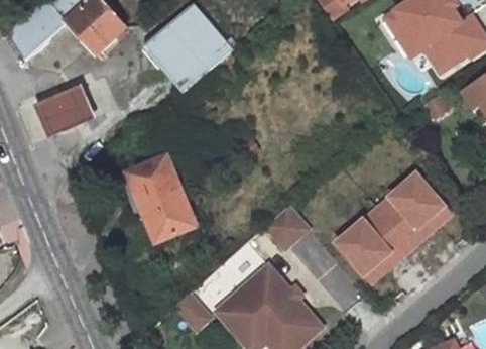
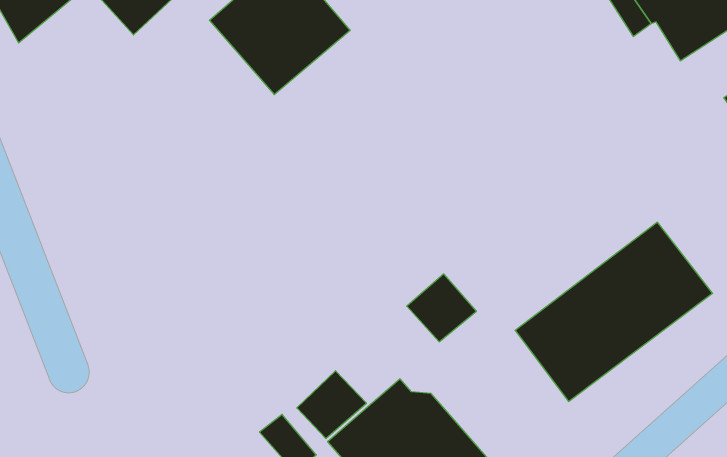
building: [41,87,97,134] -> none
building: [127,155,195,240] -> none

